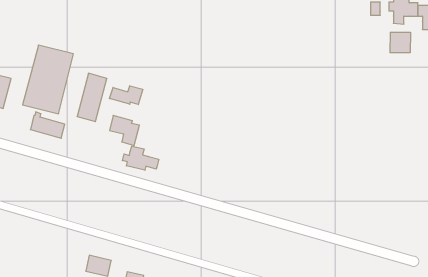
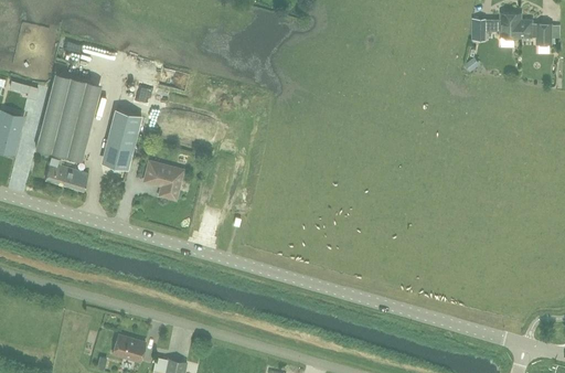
building: [390,32,410,53] -> none
building: [109,86,143,105] -> none
building: [122,146,159,170] -> none

